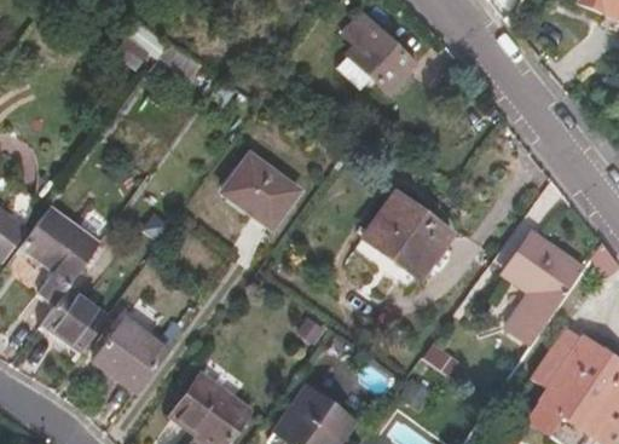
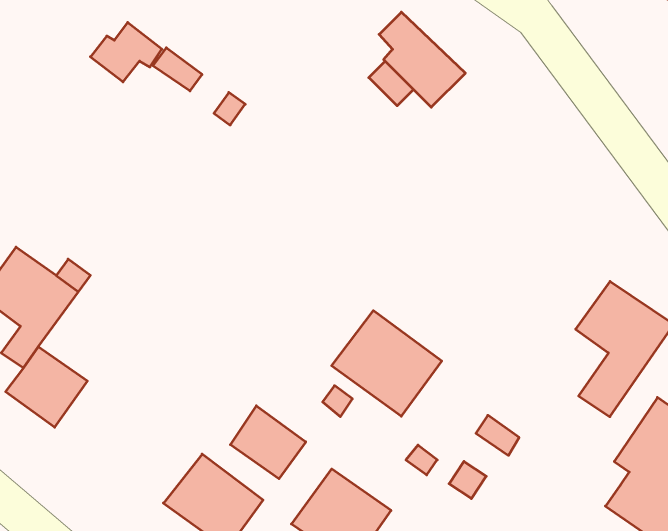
building: [221,154,299,227] -> none
building: [361,192,451,278] -> [332,311,442,416]
building: [92,316,168,392] -> none
building: none -> [230,406,306,479]

